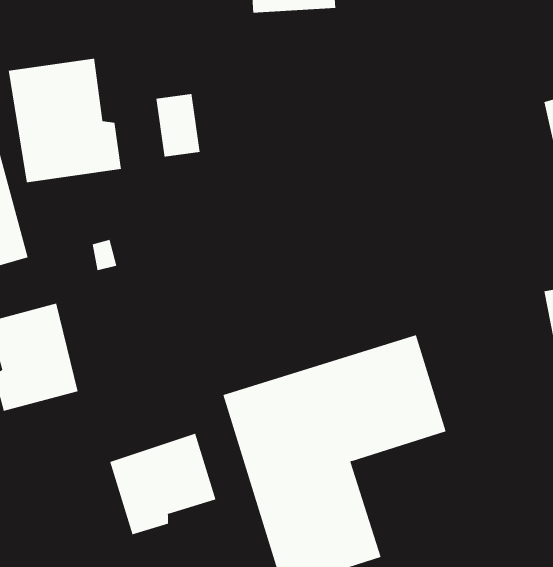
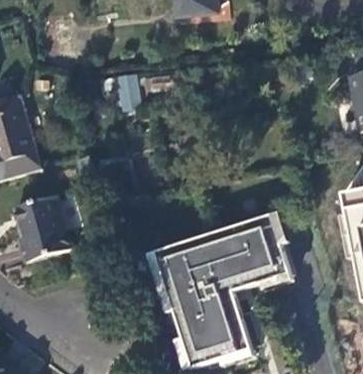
building: [8,58,121,183] -> none
building: [109,433,216,535] -> none

